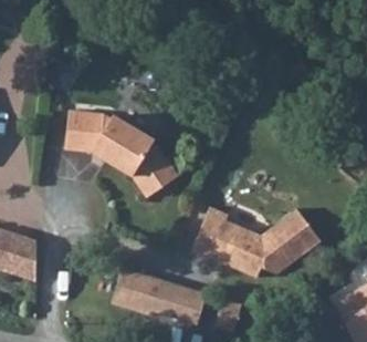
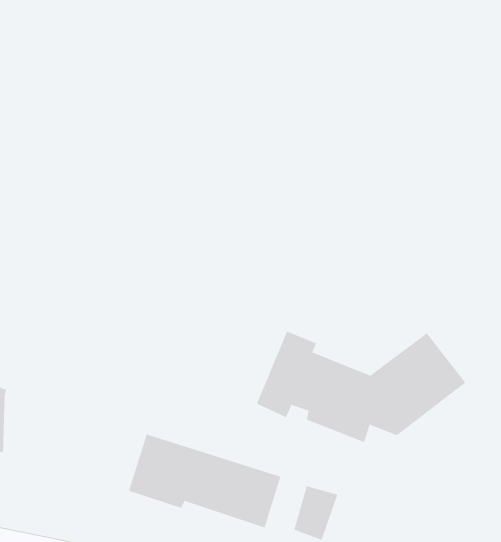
building: [64,115,174,200] -> none

